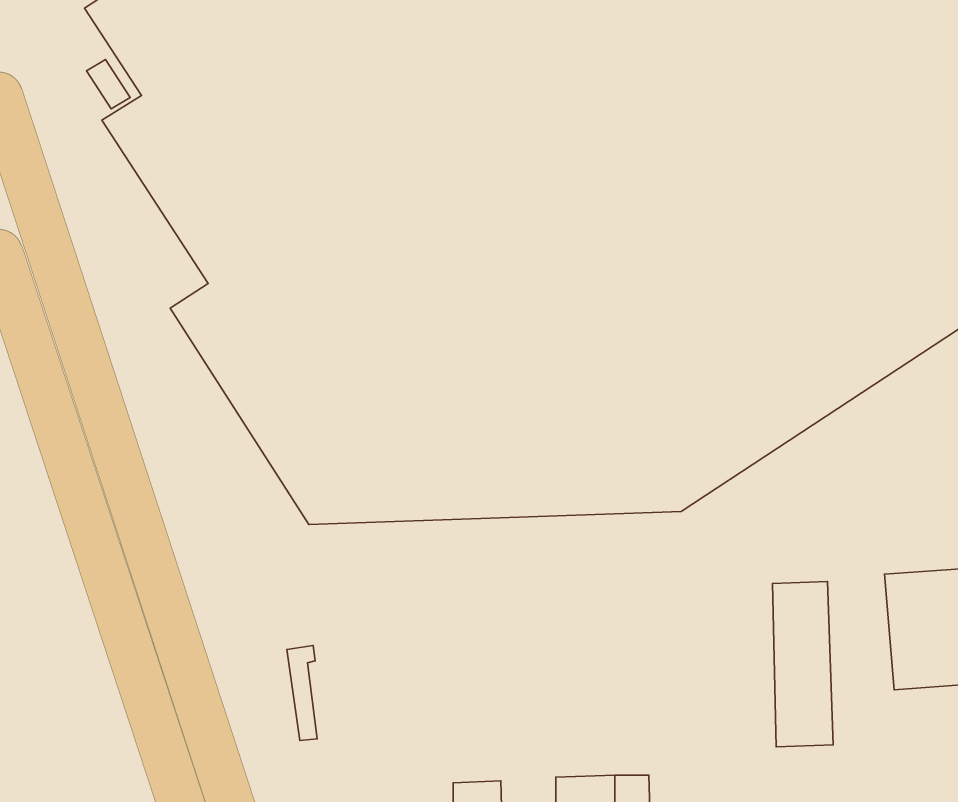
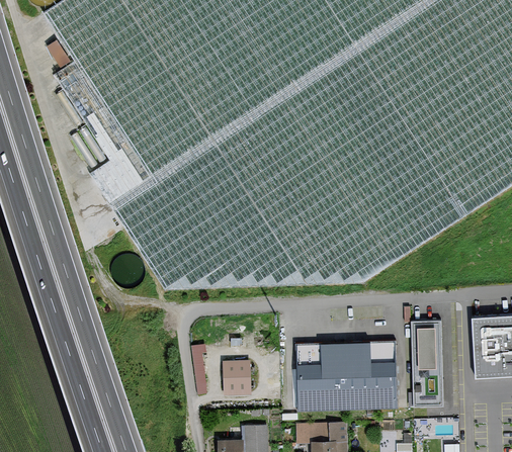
building: none -> [296,341,398,409]
building: [287,646,317,741] -> [191,342,207,392]
building: none -> [223,359,251,393]

